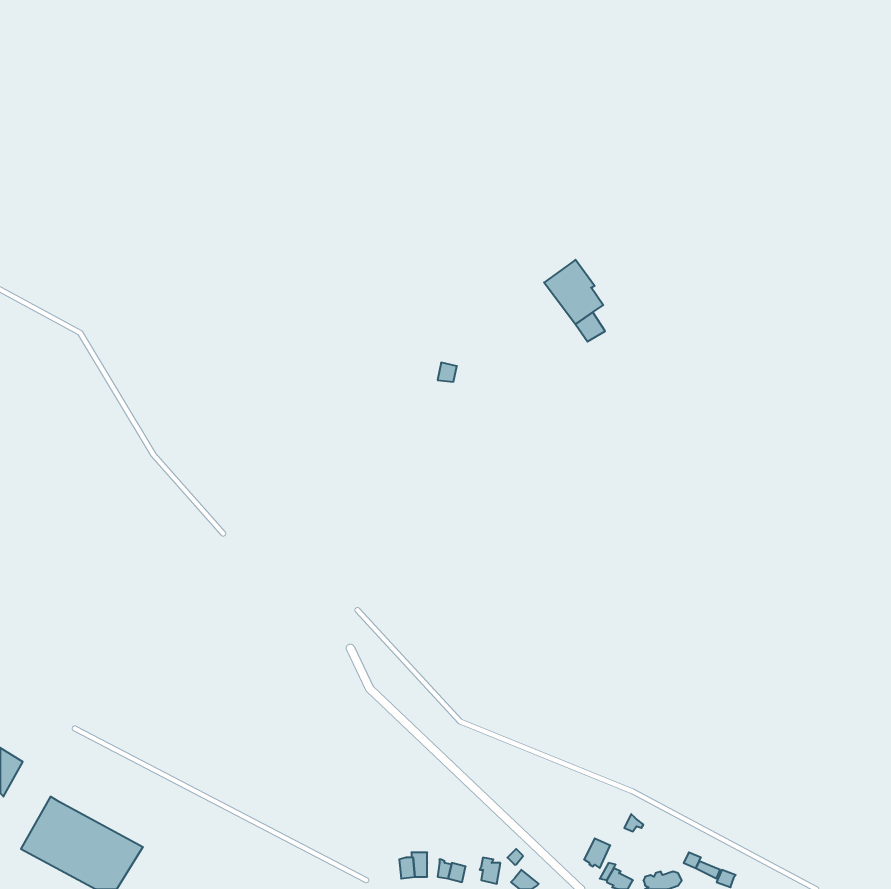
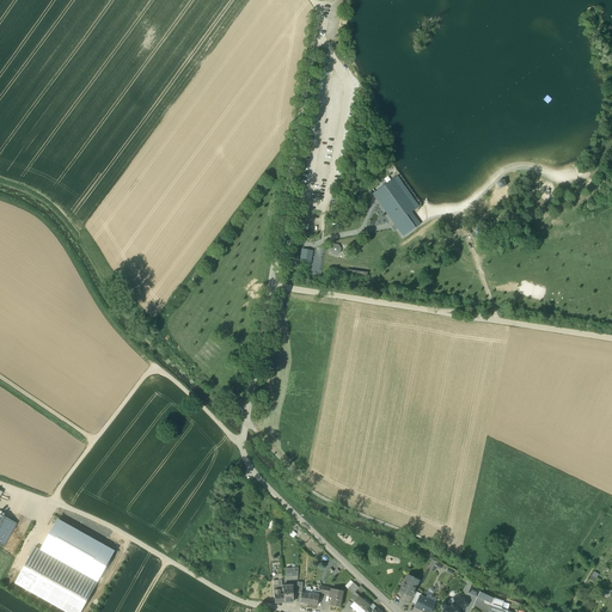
building: none -> [41,519,115,581]

